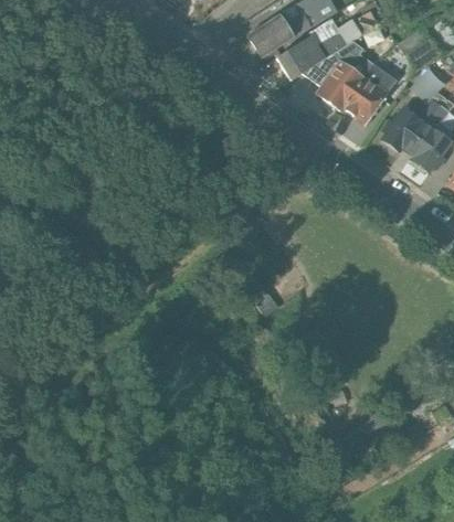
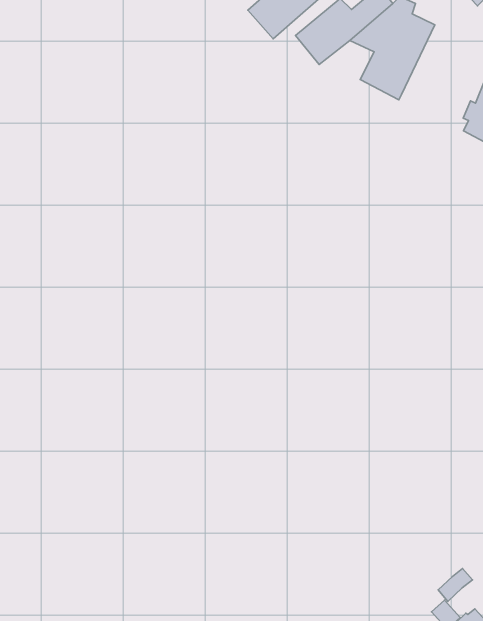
building: [345,63,398,124] -> none

